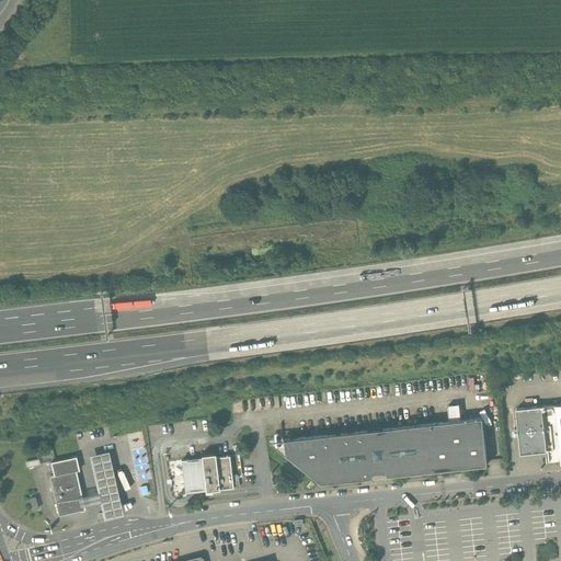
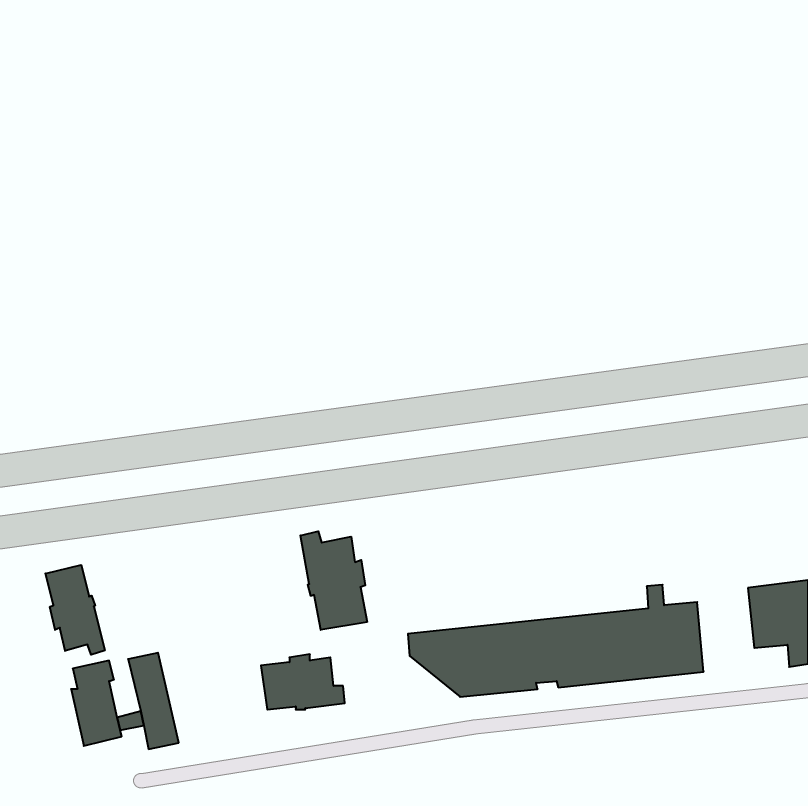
building: none -> [300,531,367,630]
building: none -> [45,565,105,655]

